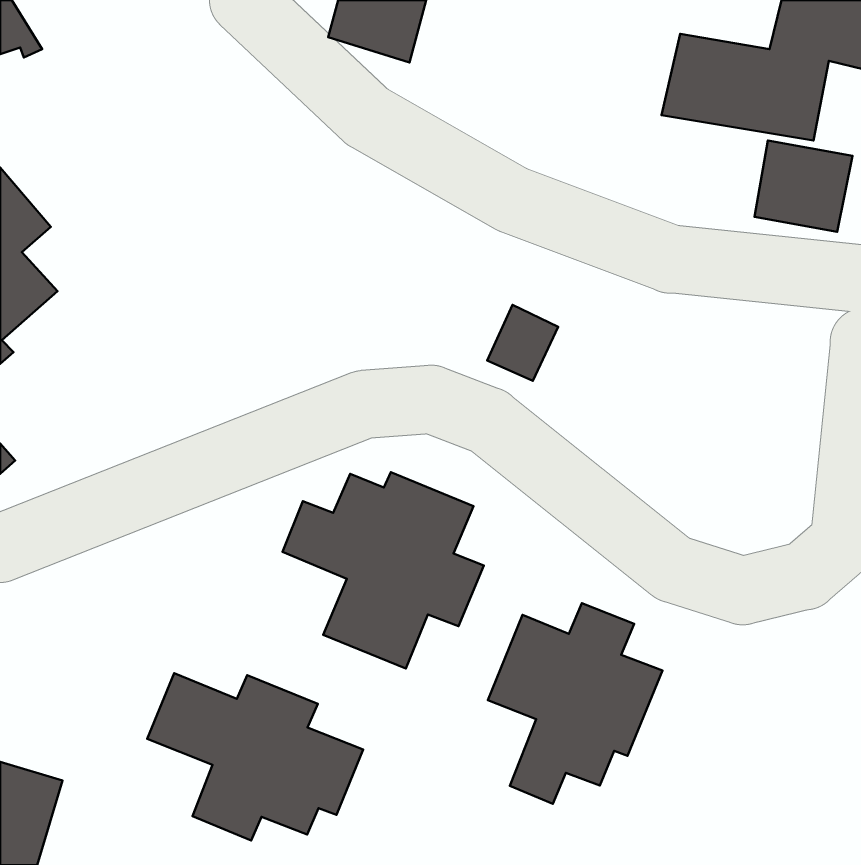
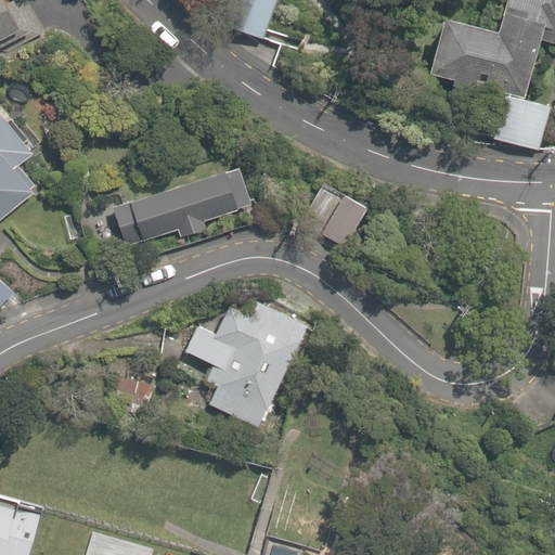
building: none -> [112,167,248,246]
building: [488,603,662,804] -> none
building: [147,673,363,840] -> none

